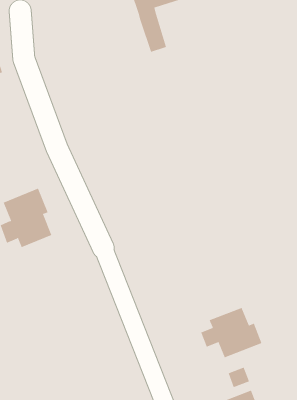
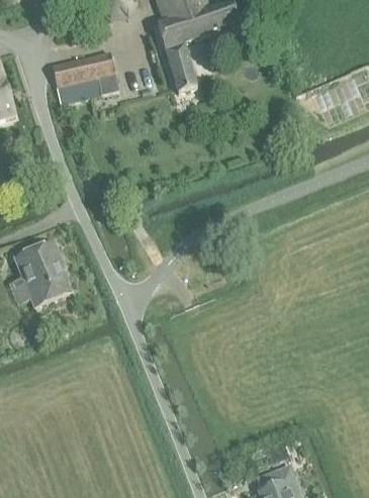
building: none -> [52,52,118,102]
building: [200,307,262,358] -> none

